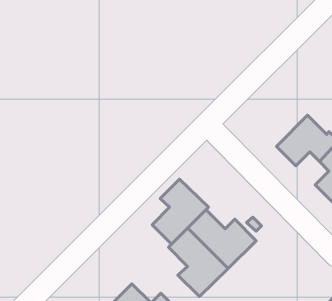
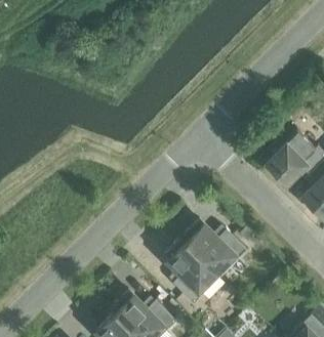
building: [152,179,208,244] -> none

